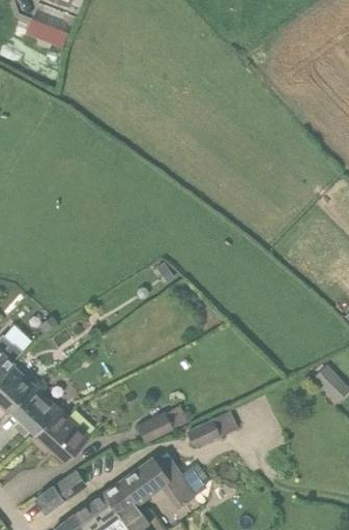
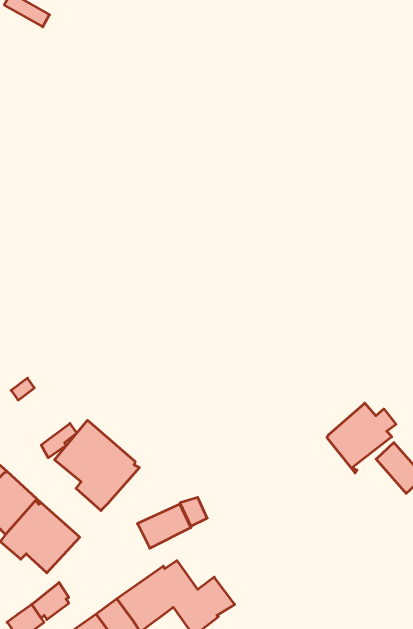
building: none -> [327,403,396,473]
building: none -> [55,420,139,511]
building: [184,411,236,449] -> none

